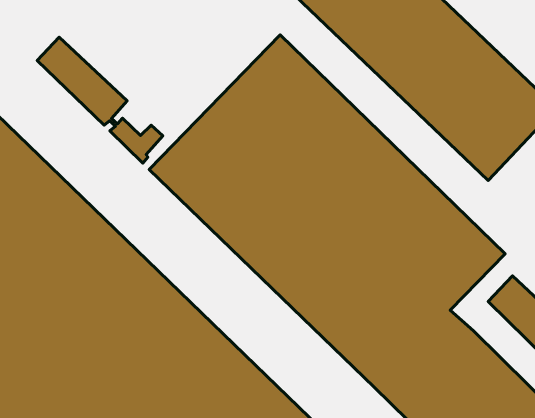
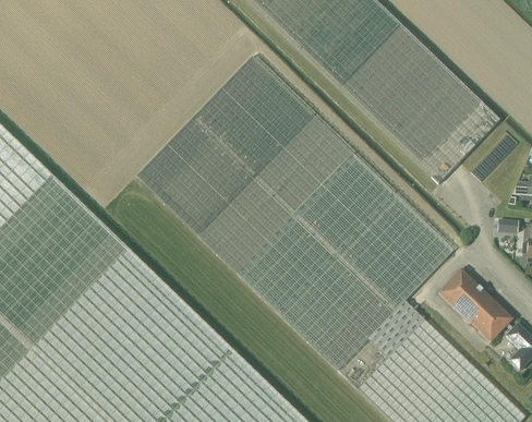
building: [37,37,163,163] -> none

